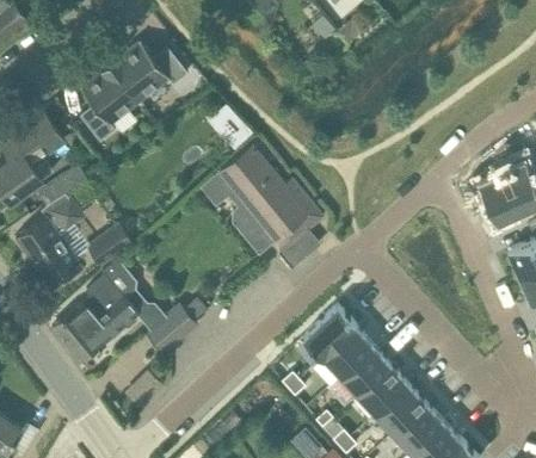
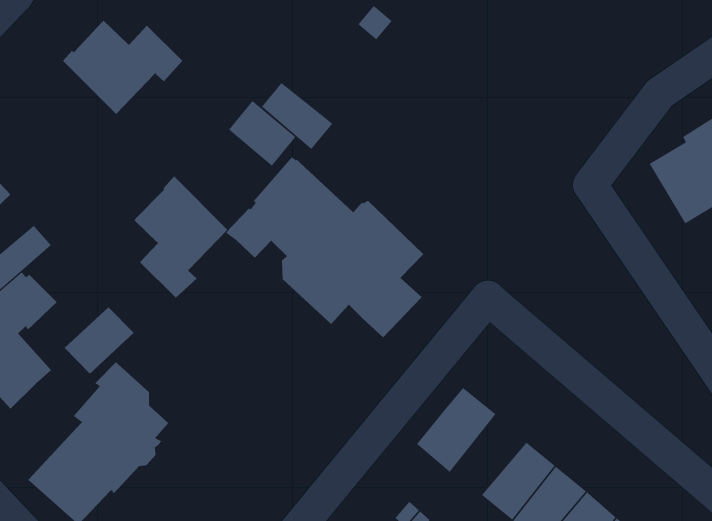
building: [80,62,140,141] -> [134,175,228,298]
building: none -> [261,82,333,150]
building: [147,297,207,353] -> none
building: [324,327,374,376] -> none

